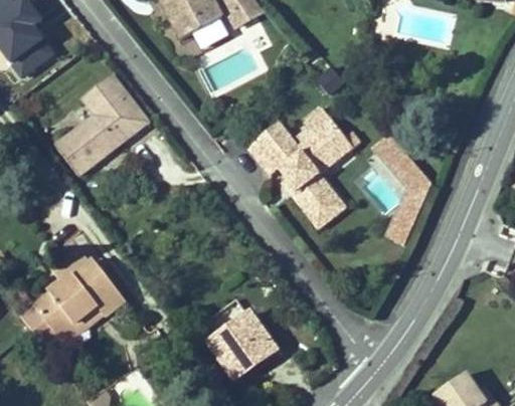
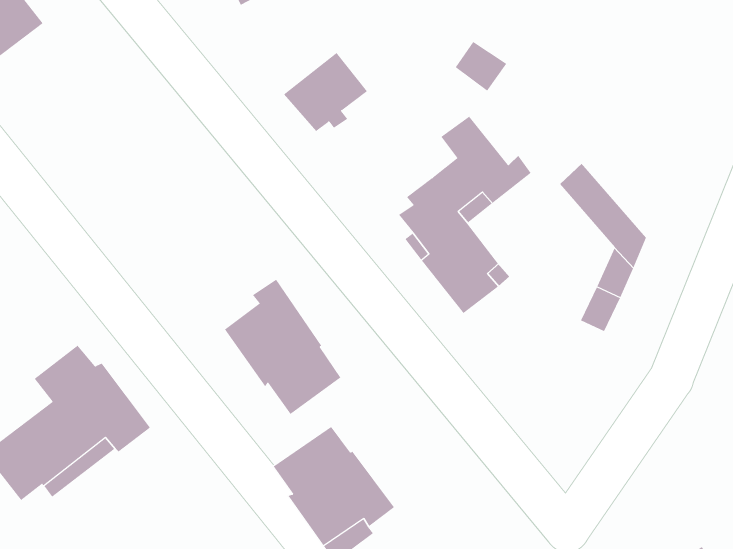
building: [55,74,149,176] -> none
building: [246,122,299,171] -> [283,52,368,132]
building: none -> [224,279,341,415]

